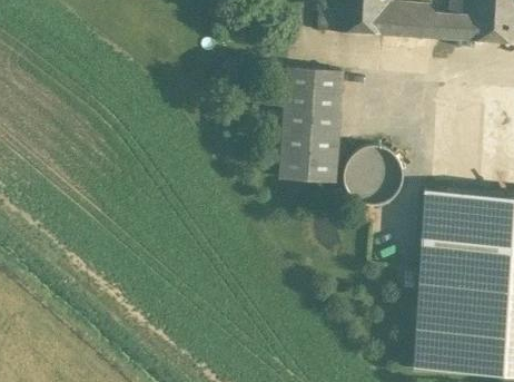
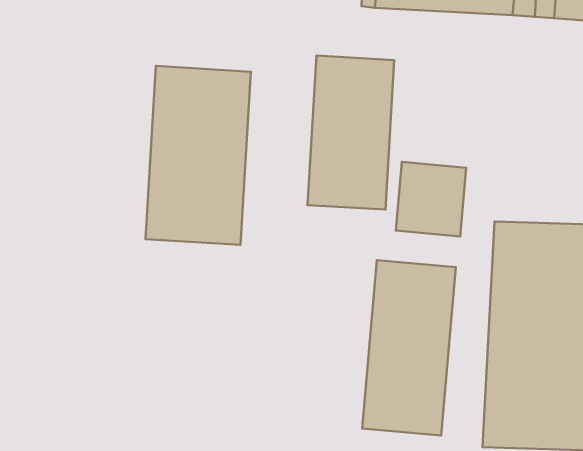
building: none -> [145,66,251,245]
building: none -> [362,260,456,436]

